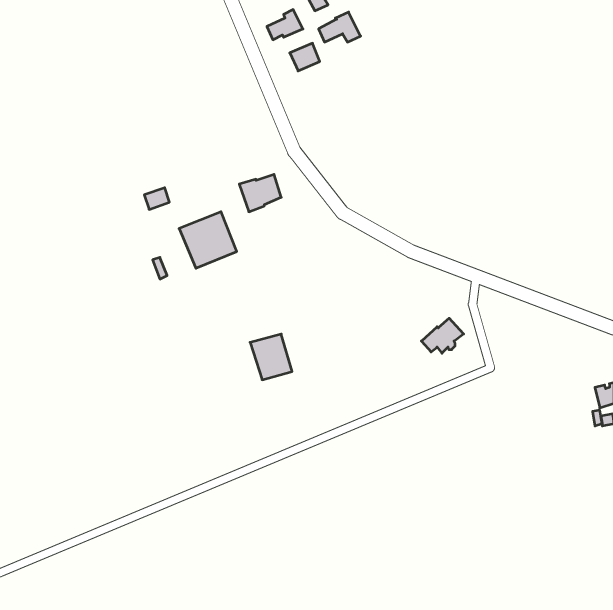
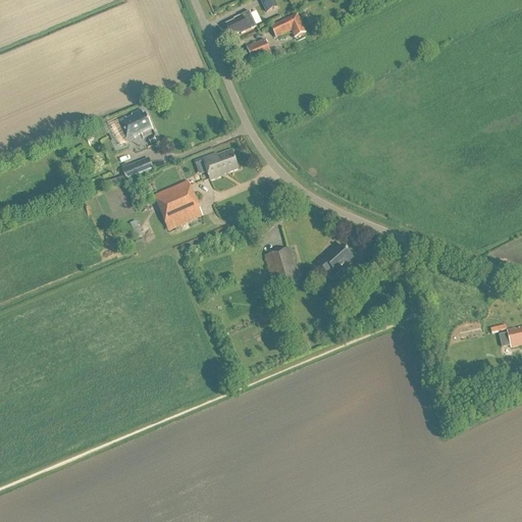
building: none -> [118,109,152,140]
building: [421,318,464,353] -> [318,243,354,272]
building: [250,334,292,380] -> [265,247,301,285]

